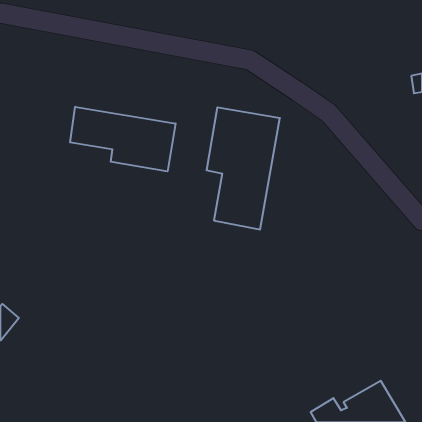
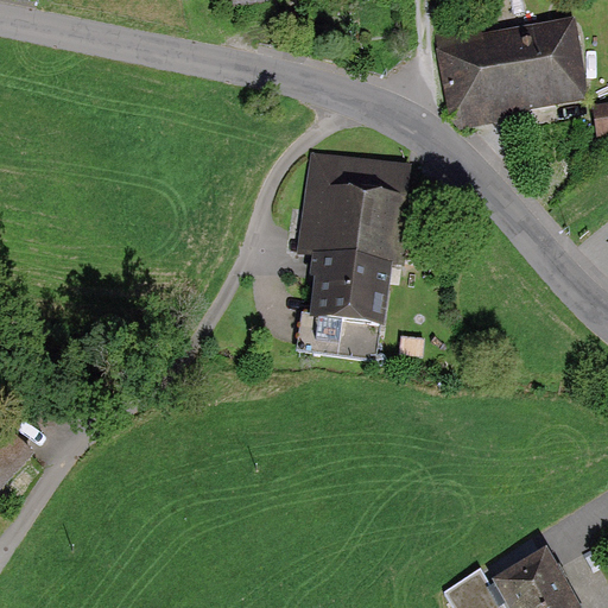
building: none -> [436,18,585,120]
building: [70,107,176,171] -> none

